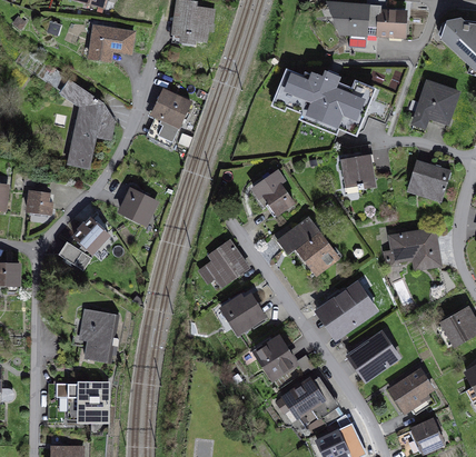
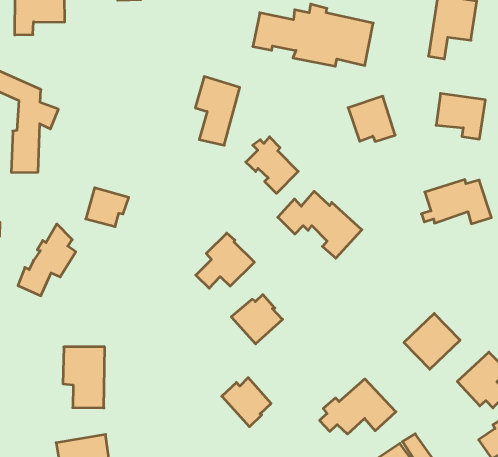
building: [151,90,190,147] -> [195,77,240,145]
building: [323,284,375,334] -> none
building: [255,338,292,377] -> [222,378,271,427]

